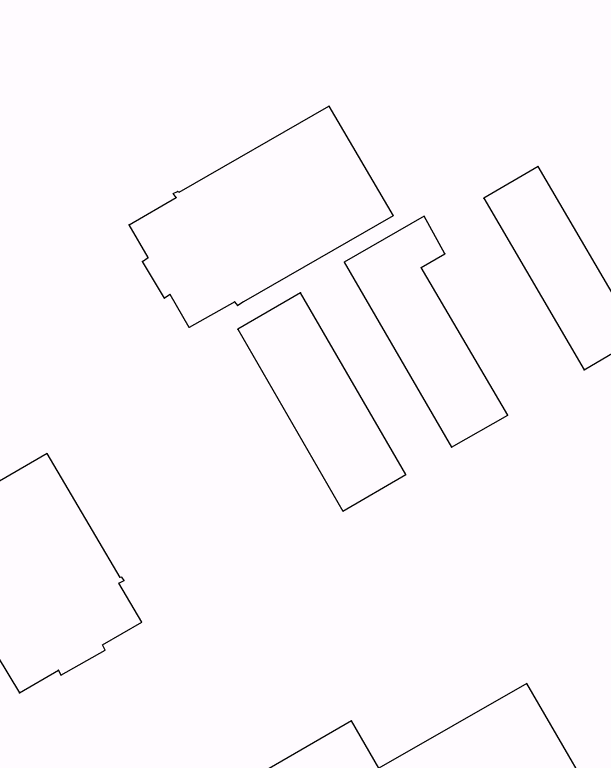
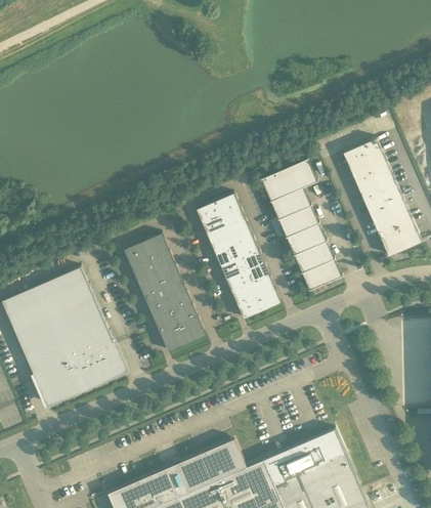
building: [129,106,393,327] -> none
building: none -> [125,235,207,353]

